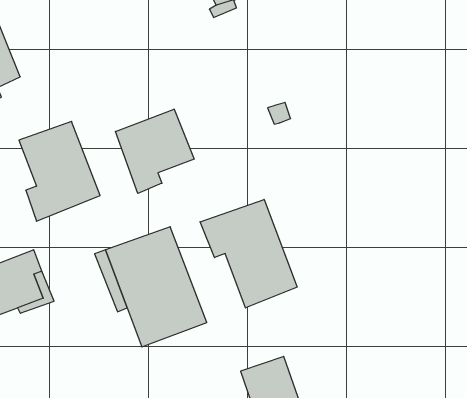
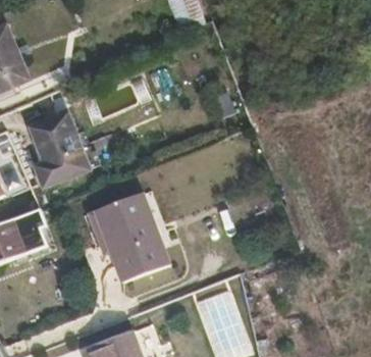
building: [115,109,194,193] -> none
building: [200,199,297,308] -> none

